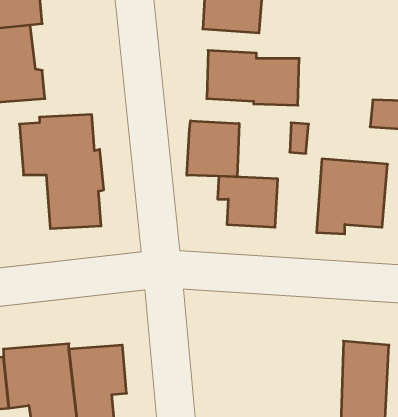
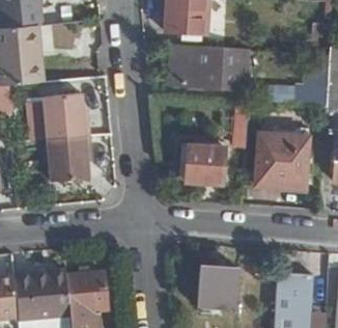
building: [187,121,239,177] -> none
building: none -> [197,266,237,309]

